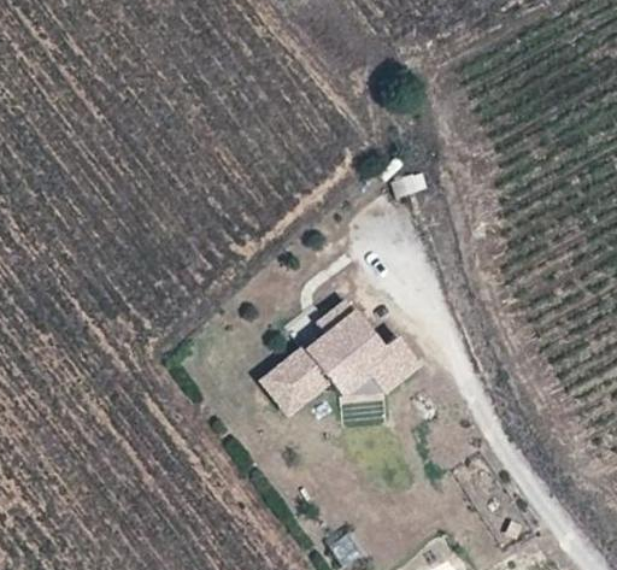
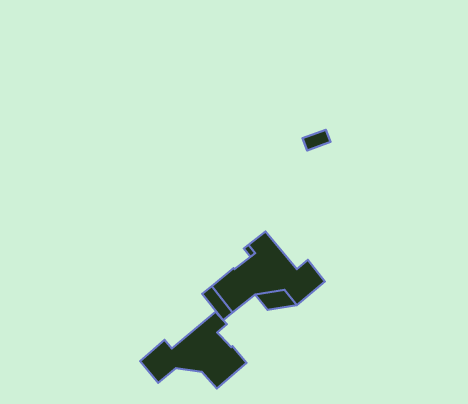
building: none -> [140,312,246,388]

